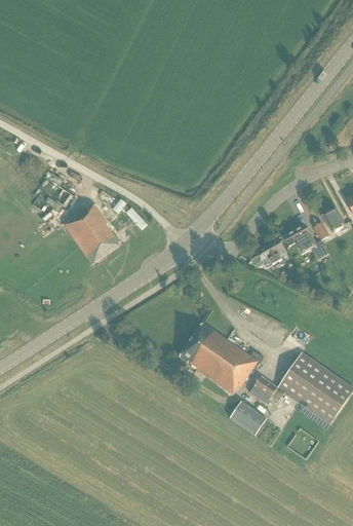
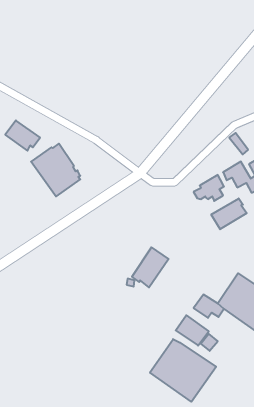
building: none -> [211,198,247,229]
building: [198,336,266,393] -> none
building: none -> [150,339,216,402]

